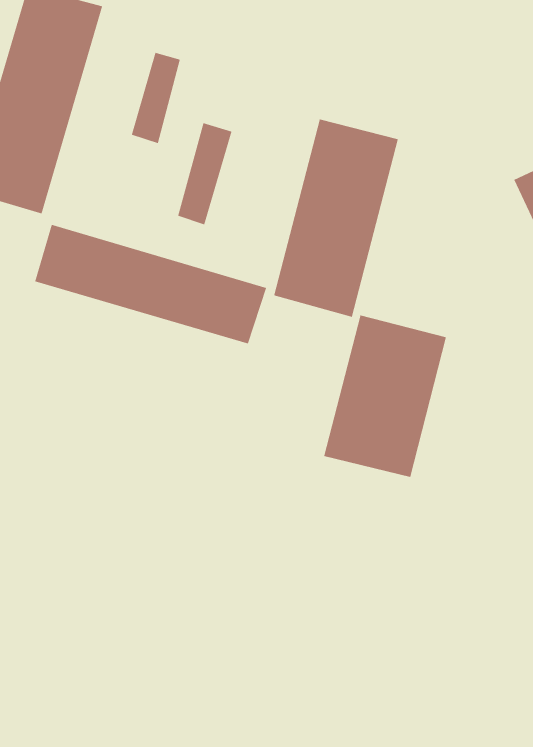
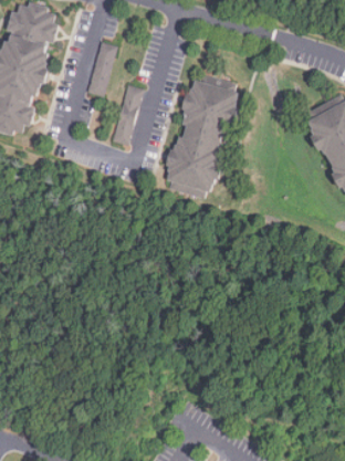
building: [34,224,267,345] -> none
building: [323,314,447,478] -> none

